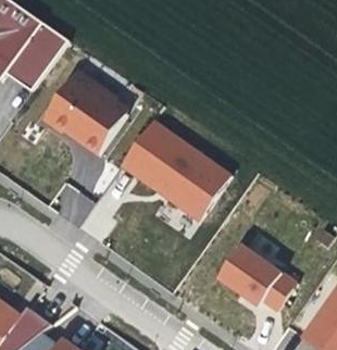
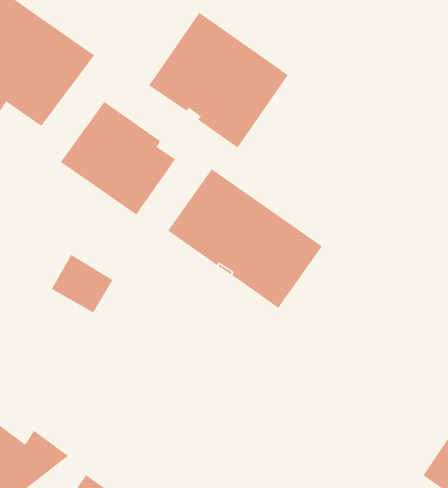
building: none -> [148,12,289,148]
building: [219,246,297,311] -> none

